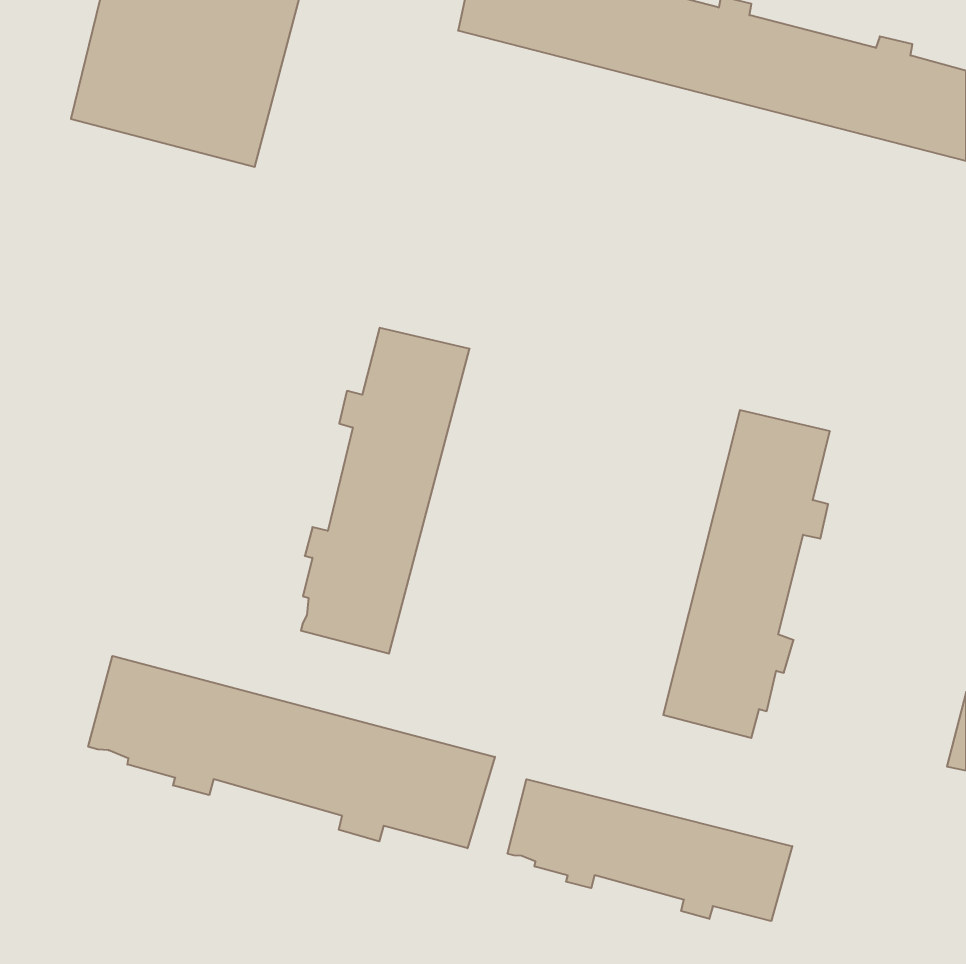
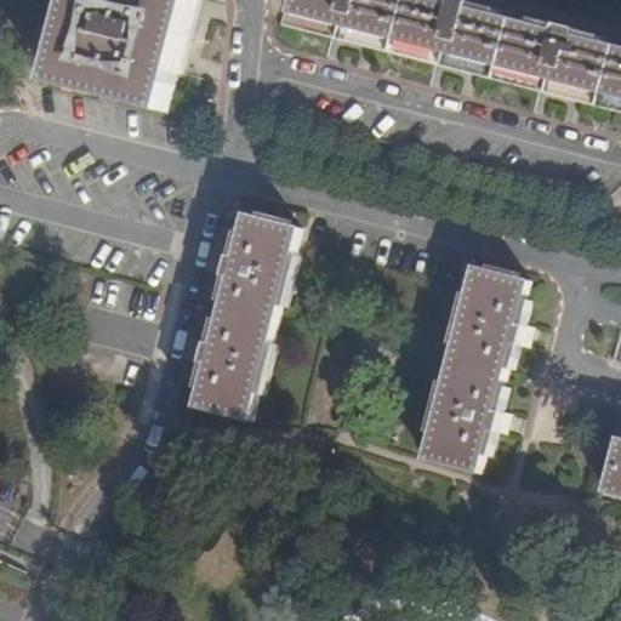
building: [88,656,495,848] -> none
building: [508,779,792,921] -> none

